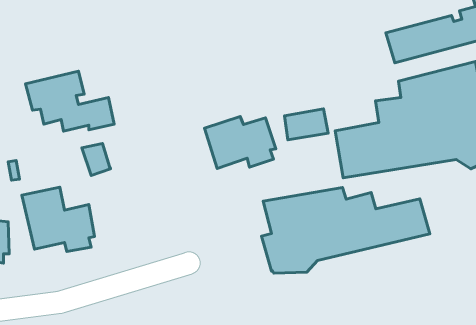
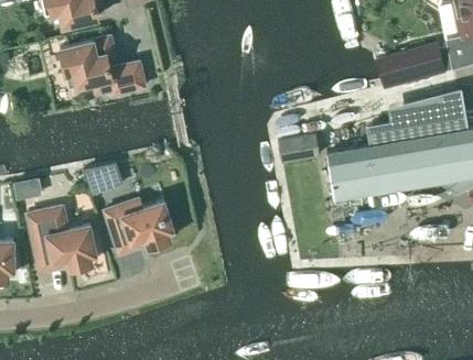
building: [25,71,114,131] -> [60,36,144,94]
building: [204,117,276,168] -> [105,199,173,249]
building: [262,187,430,273] -> none

